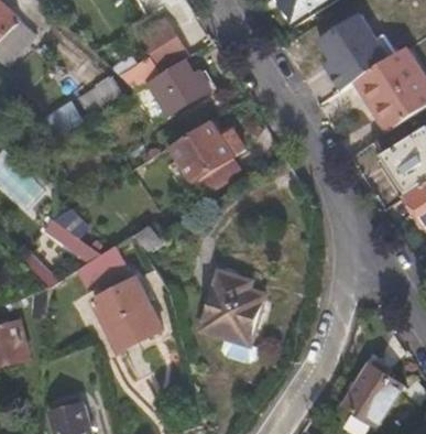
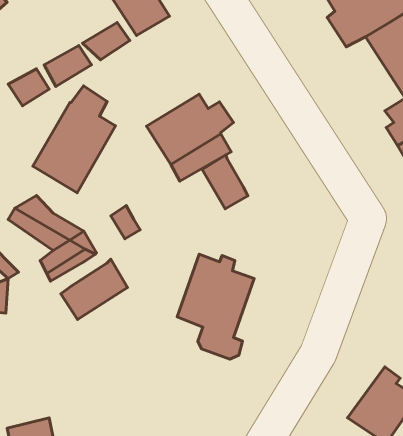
building: [149,65,206,119] -> none
building: none -> [33,86,116,193]
building: none -> [202,155,248,209]
building: [108,293,165,346] -> none

